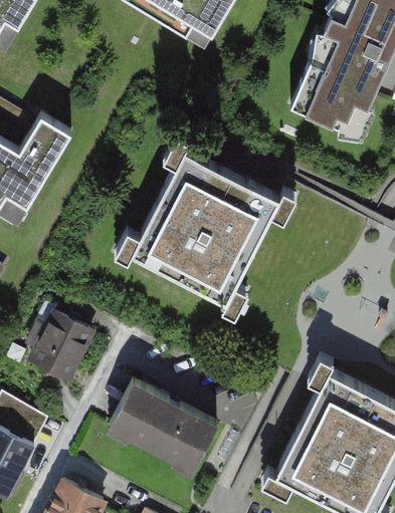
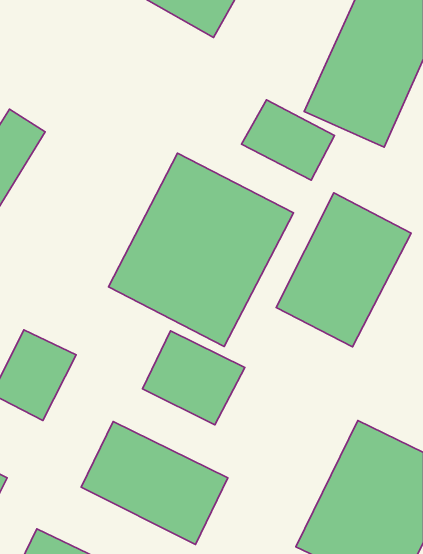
building: none -> [242,100,334,180]
building: none -> [276,193,411,347]
building: none -> [142,331,245,425]

